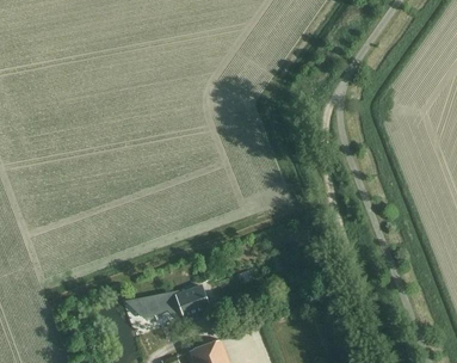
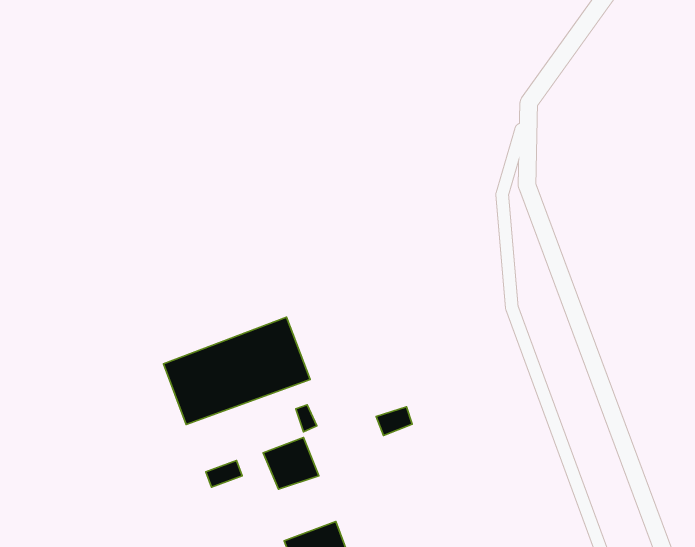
building: none -> [163,317,310,425]

